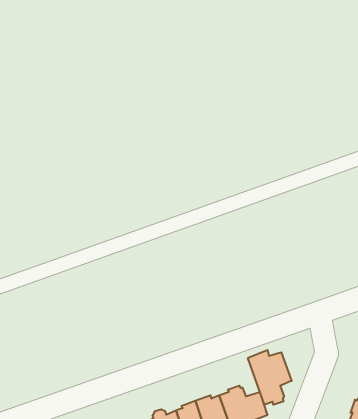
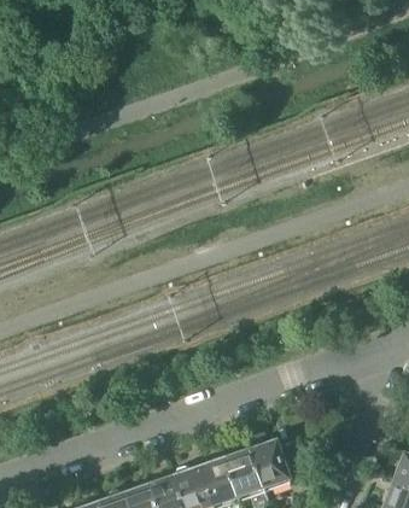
building: [248,350,292,405] -> none

